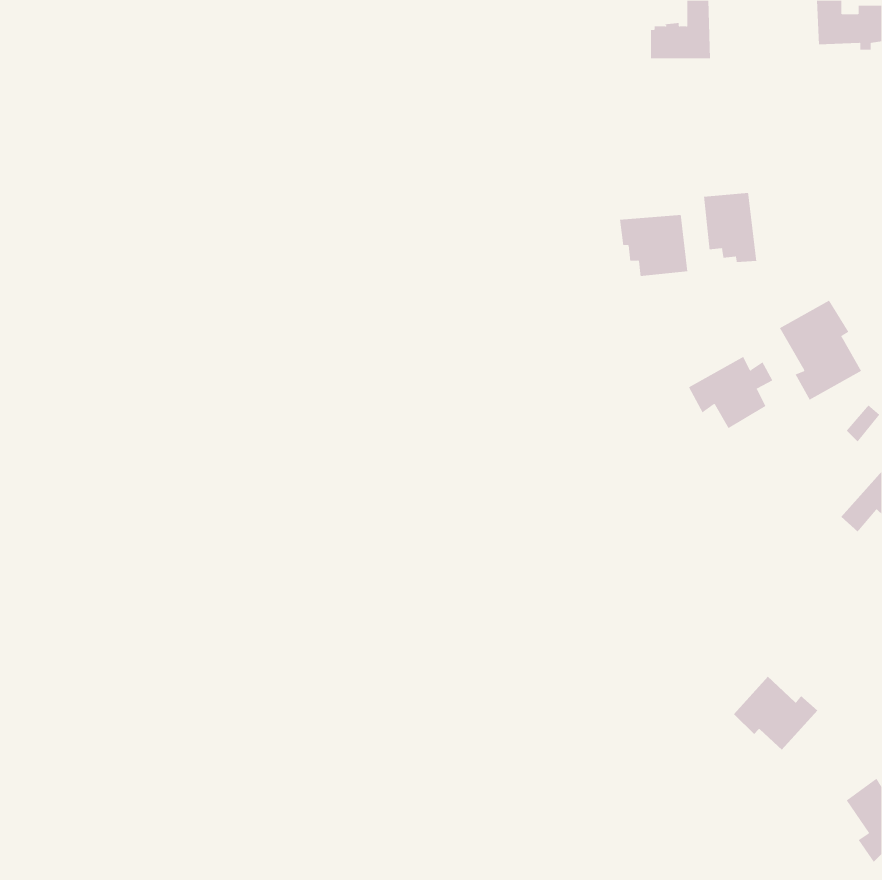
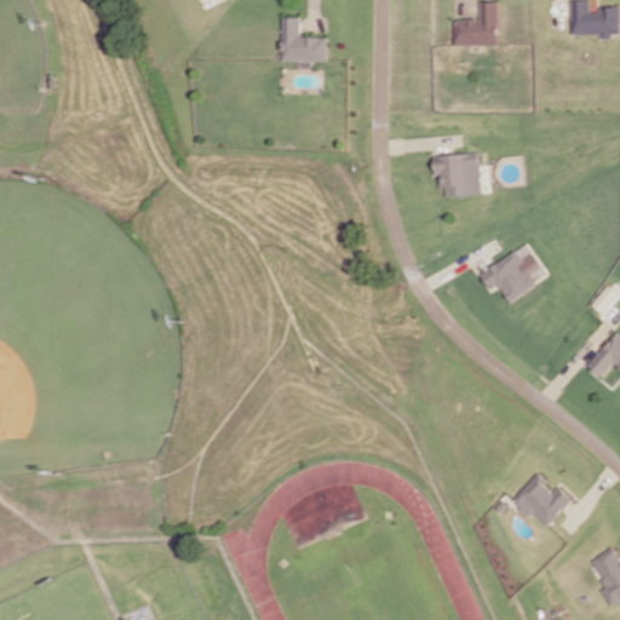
building: none -> [283,17,326,59]
building: [703,192,757,263] -> none
building: [779,300,862,401] -> none

